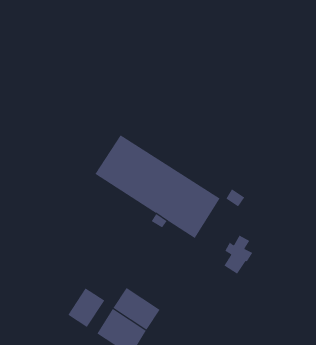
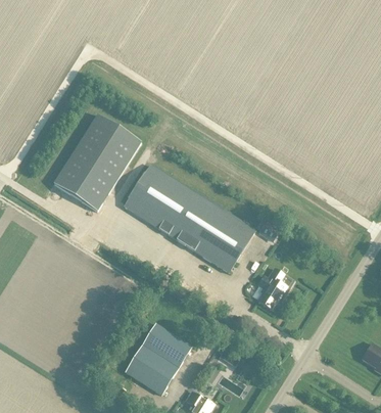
building: none -> [53,113,142,212]
building: [67,288,105,328] -> none

